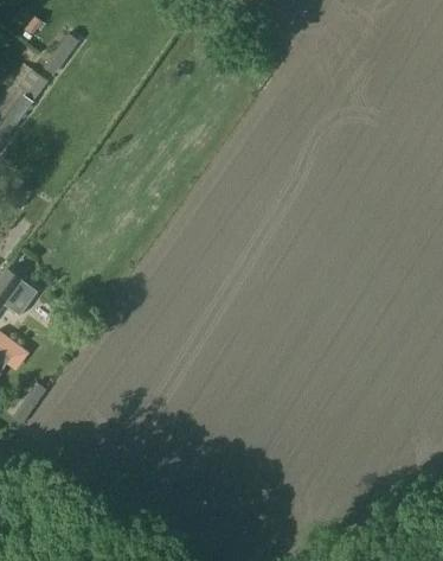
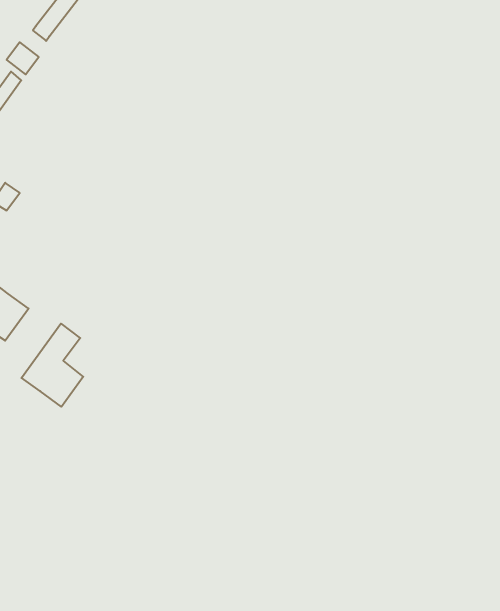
building: none -> [21,324,83,407]

